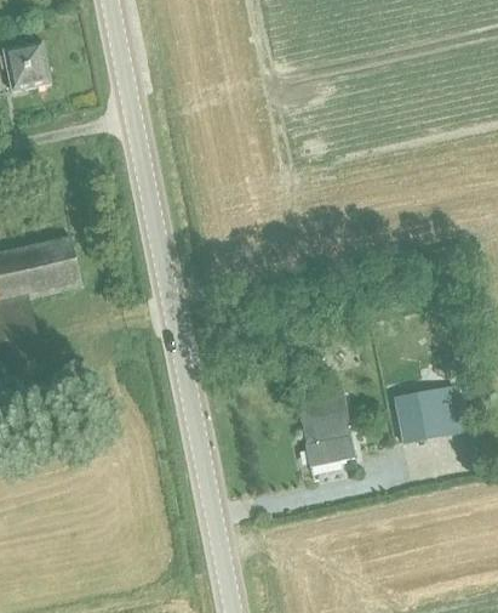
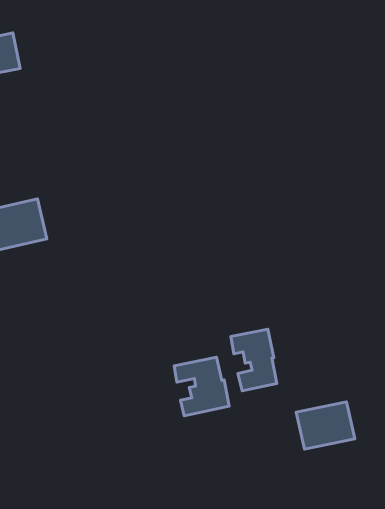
building: [393,385,462,441] -> [296,402,355,449]
building: none -> [174,357,229,416]

